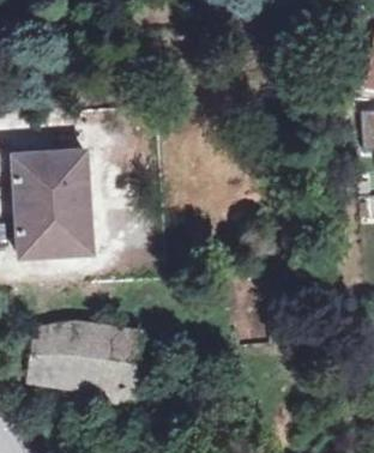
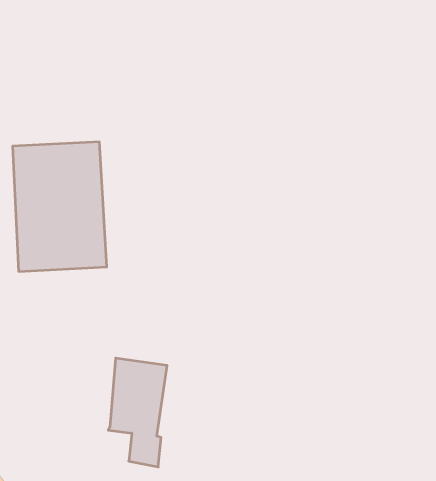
building: [31,325,98,387] -> none

